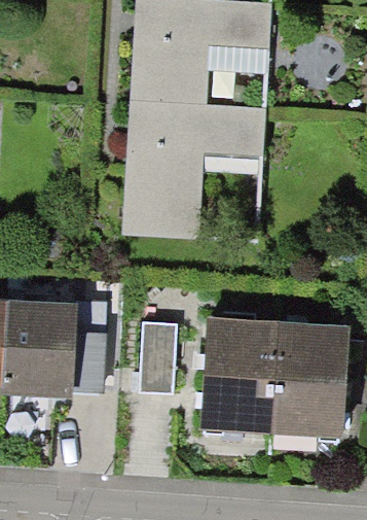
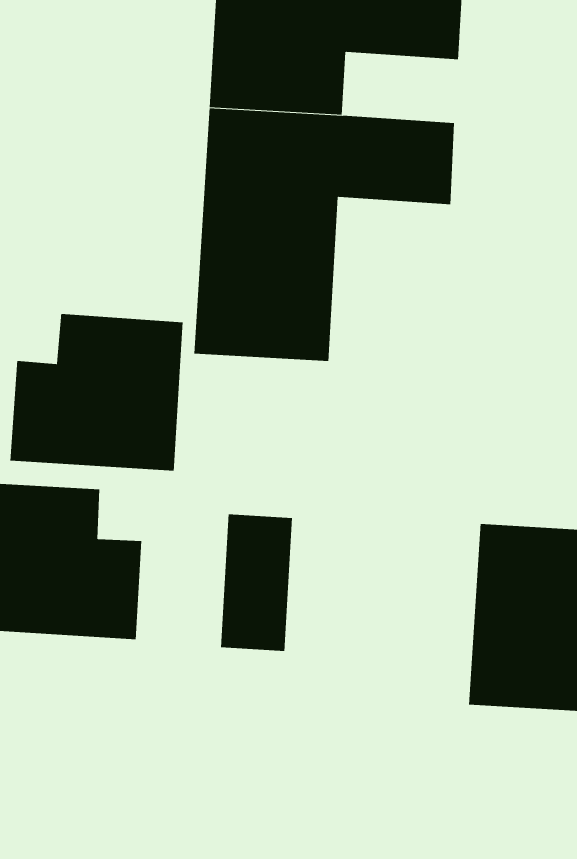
building: none -> [10,313,183,471]
building: [203,321,278,423] -> none

